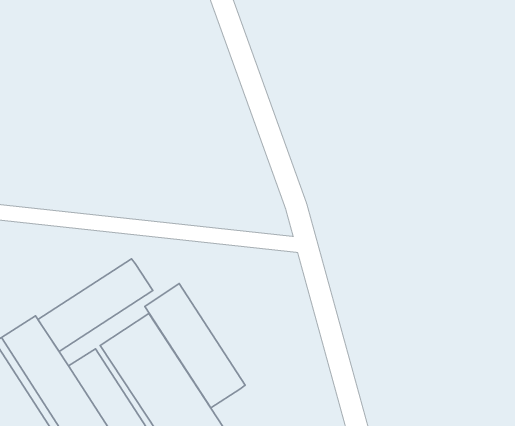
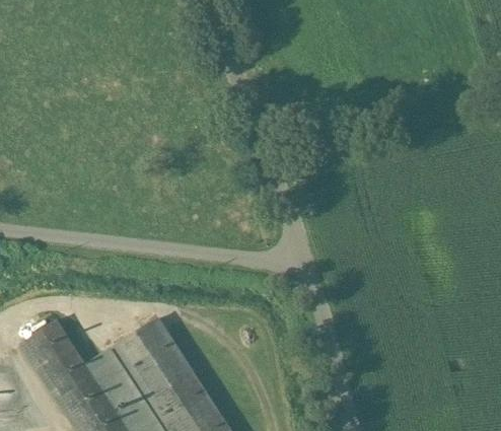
building: [38,259,153,351] -> none
building: [145,283,245,408] -> none

